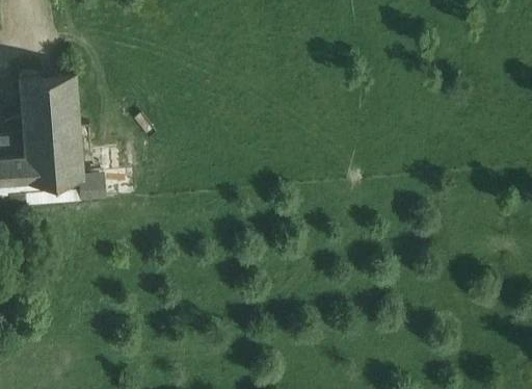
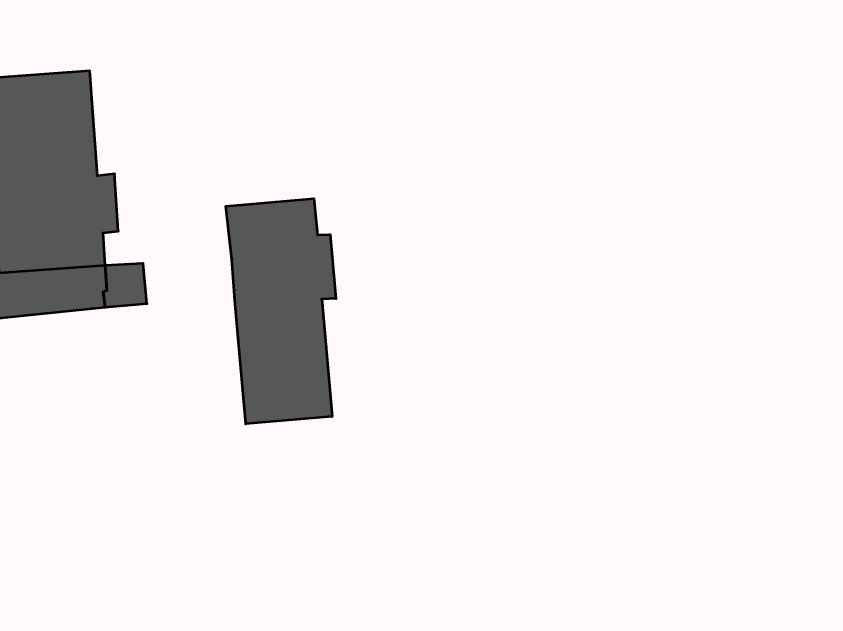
building: none -> [226,199,336,424]

